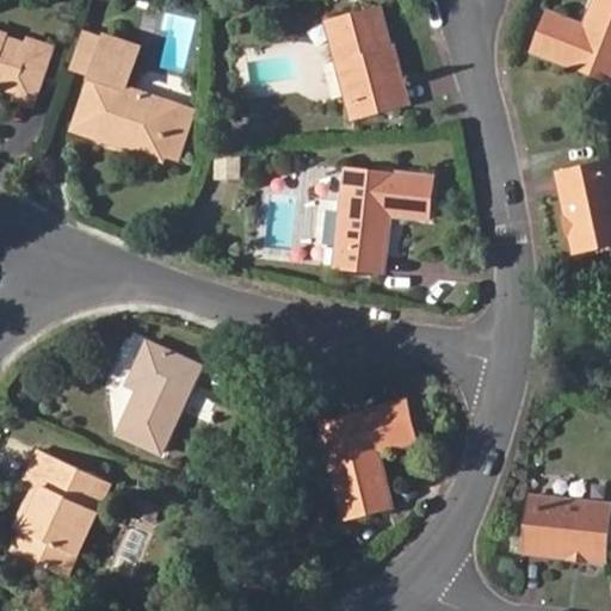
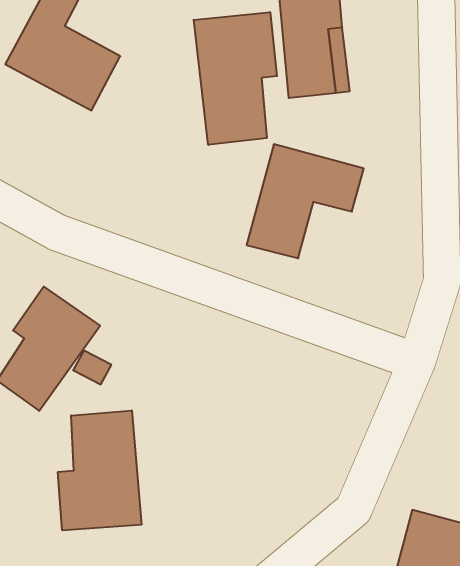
building: none -> [194,12,277,145]
building: [317,401,414,519] -> none
building: none -> [58,410,141,530]

